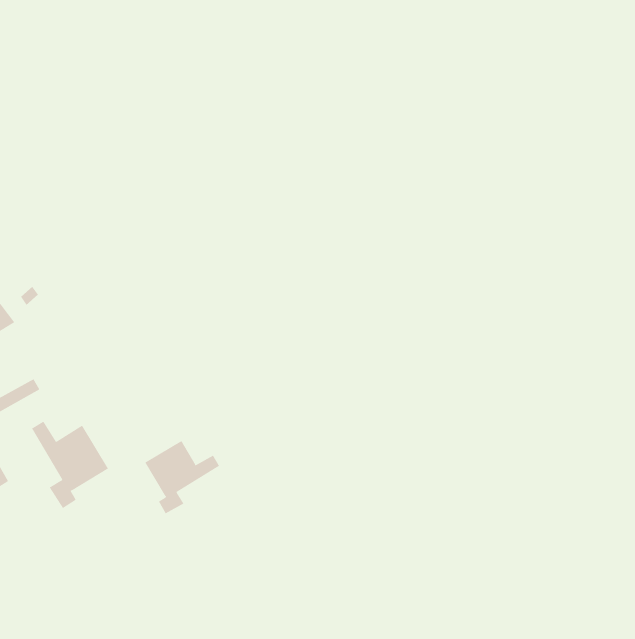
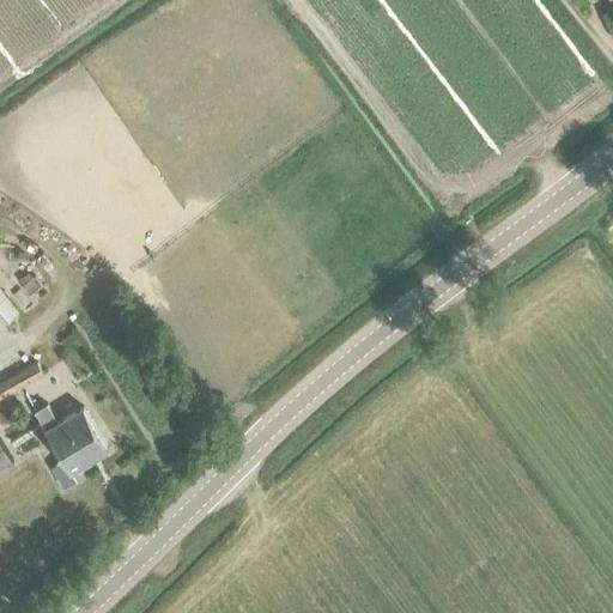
building: [145,440,220,514] -> none

